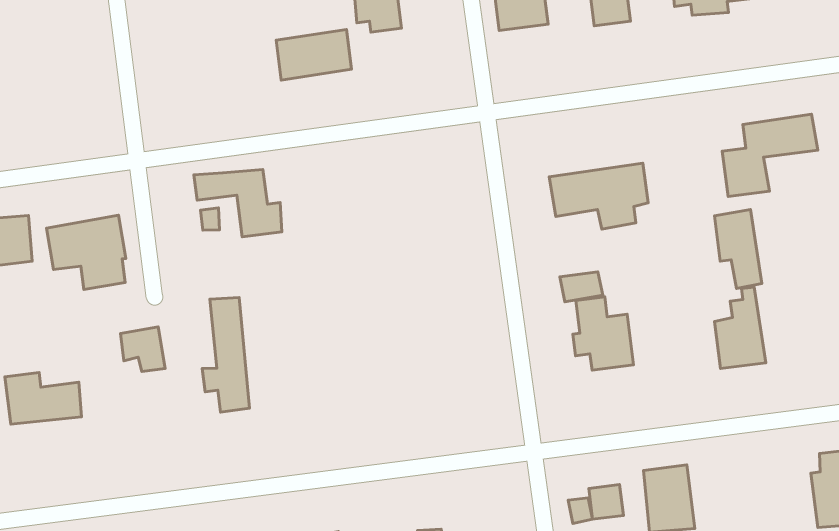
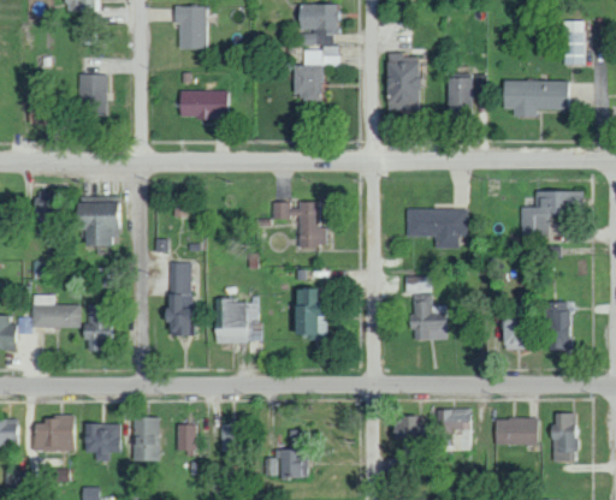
building: [276,29,352,80] -> [179,90,226,118]
building: none -> [78,75,107,117]
building: [194,170,282,237] -> [272,202,326,246]
building: [715,209,762,288] -> [545,302,570,352]
building: none -> [292,291,325,337]
building: [120,327,165,371] -> [82,321,108,349]
building: none -> [214,297,261,344]
building: none -> [494,418,537,446]

